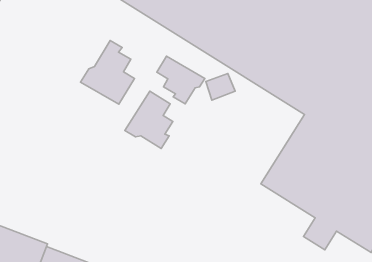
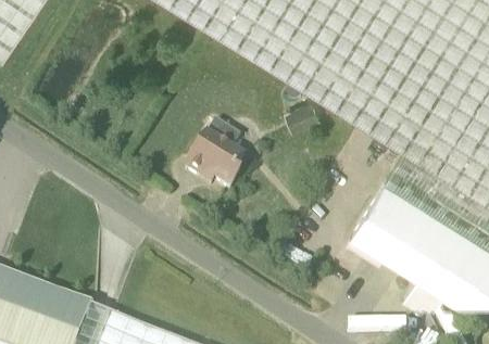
building: [81,41,135,104] -> none
building: [157,56,205,104] -> none

